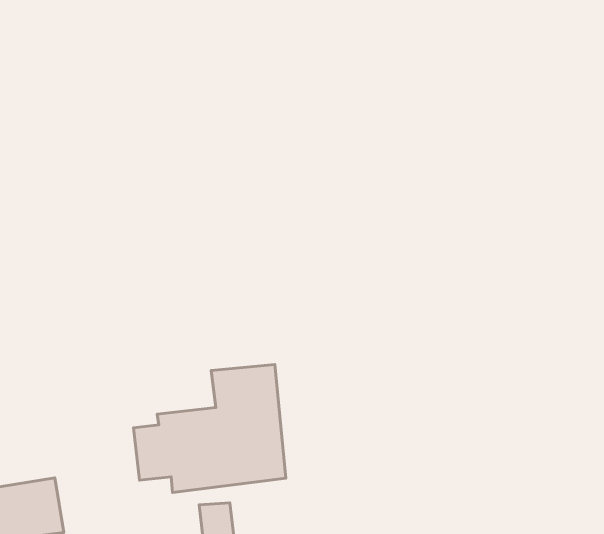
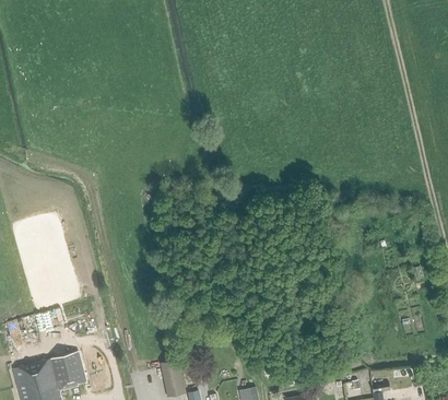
building: [134,364,286,492] -> none

